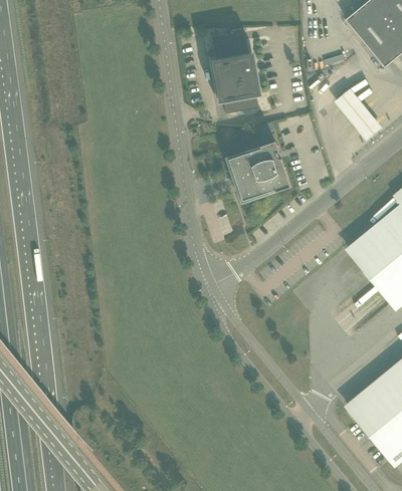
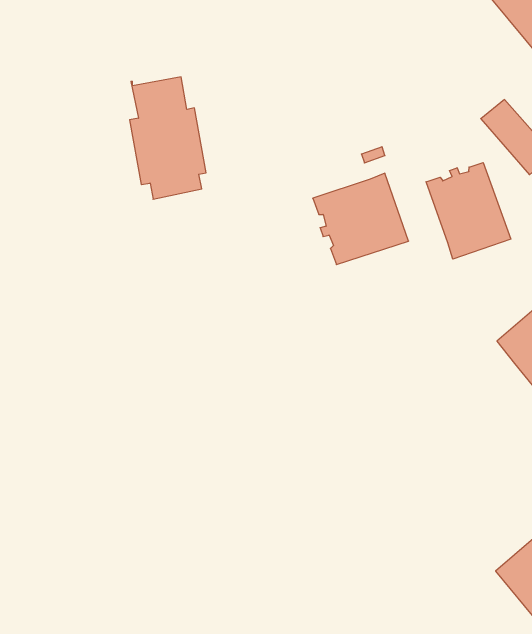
building: [210,30,262,113] -> [130,77,206,199]
building: none -> [426,163,511,259]

